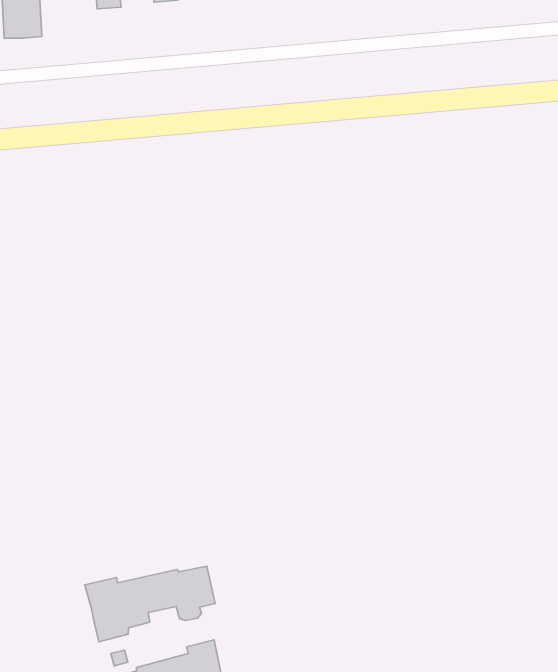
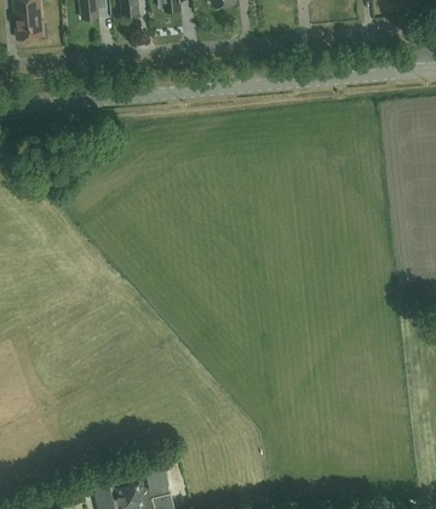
building: [85,566,215,642] -> none

